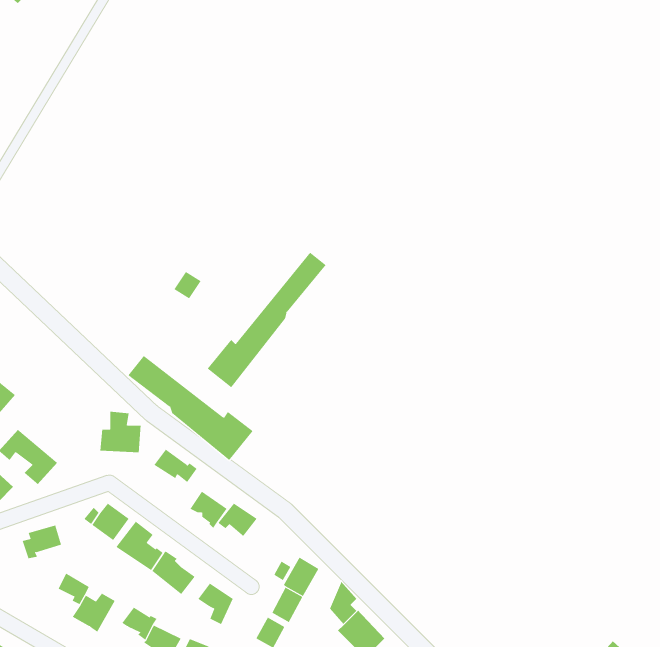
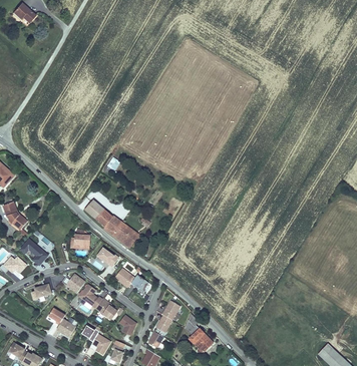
building: [207,252,326,388] -> none

